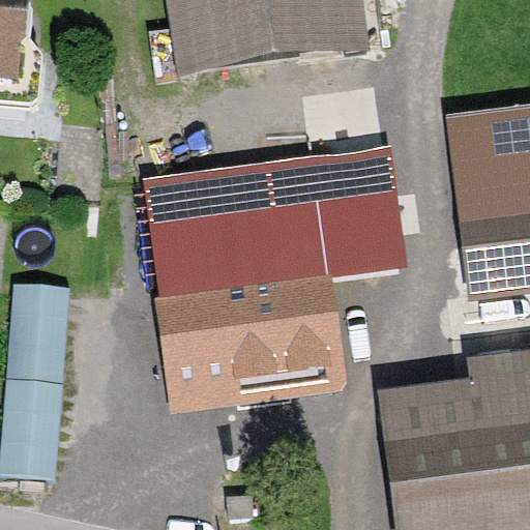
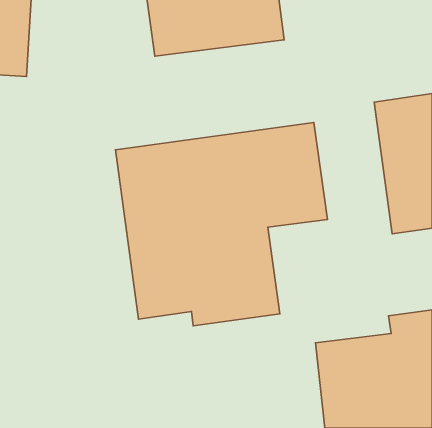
building: [6,279,67,473] -> none

